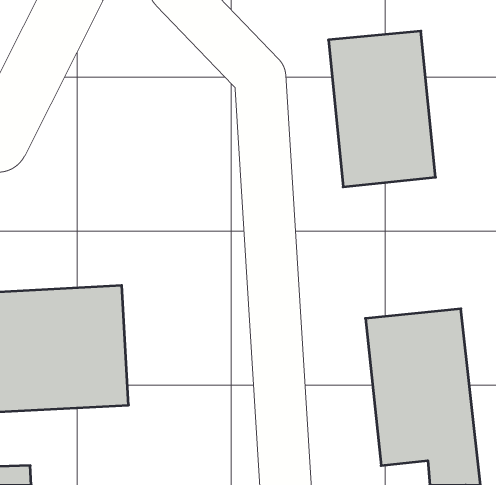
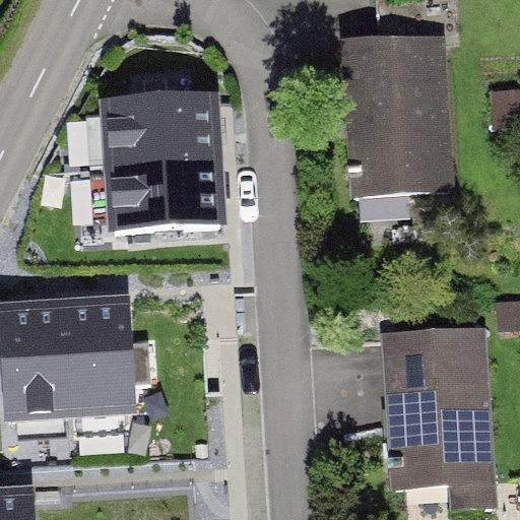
building: none -> [84,92,219,244]

